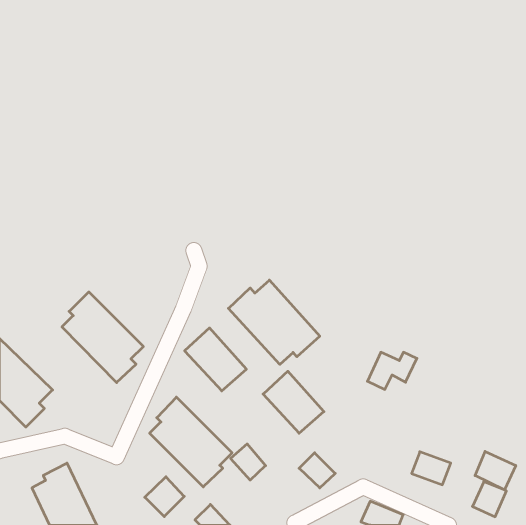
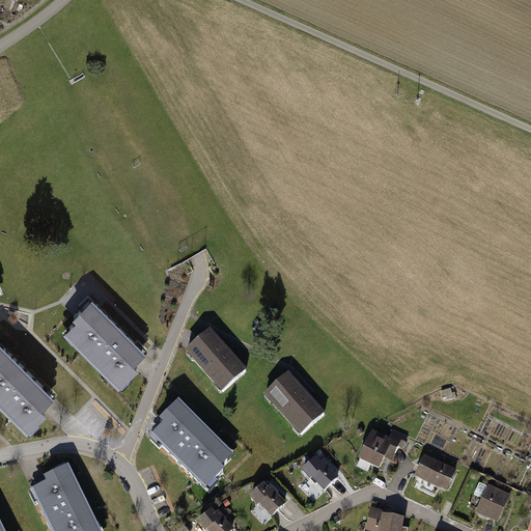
building: [228,280,320,364] -> none
building: [367,352,417,389] -> [359,429,409,467]
building: [231,444,266,480] -> [248,481,283,518]
building: [475,451,516,490] -> none
building: [145,477,184,517] -> none

